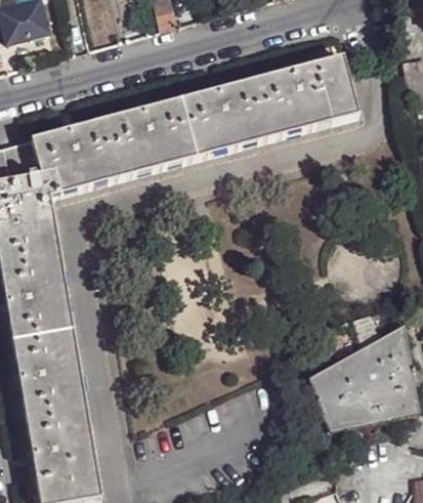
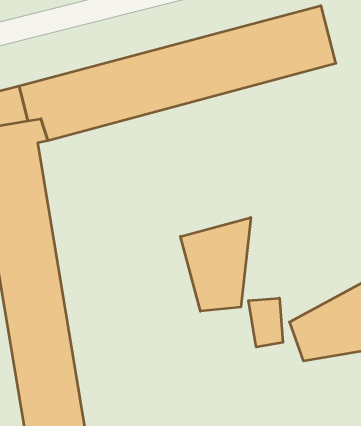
building: none -> [180,217,251,311]
building: none -> [248,298,283,347]

